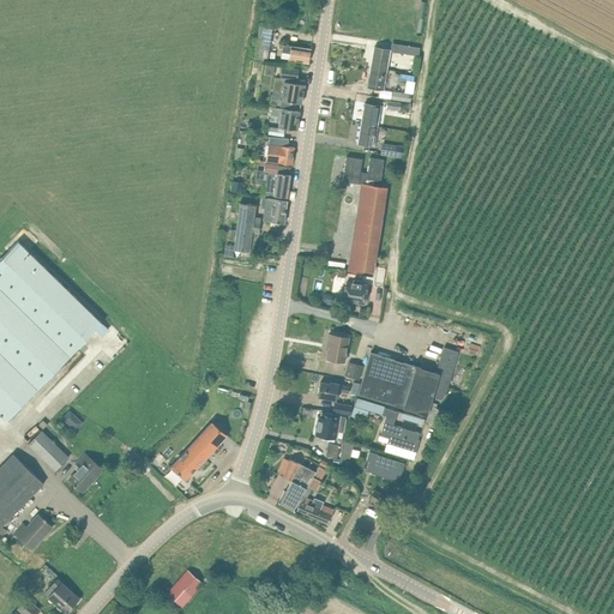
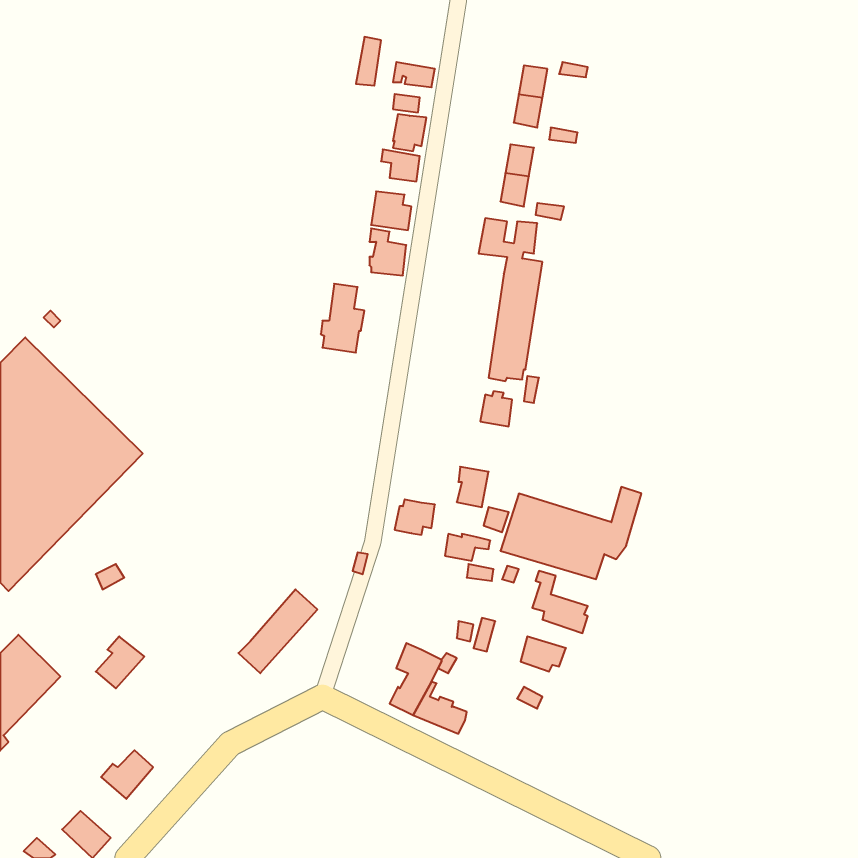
building: [261,198,287,227] -> none
building: [315,413,344,438] -> [395,499,435,535]
building: [28,431,68,471] -> none
building: [14,514,52,549] -> [101,750,153,799]
building: [167,570,203,607] -> none

